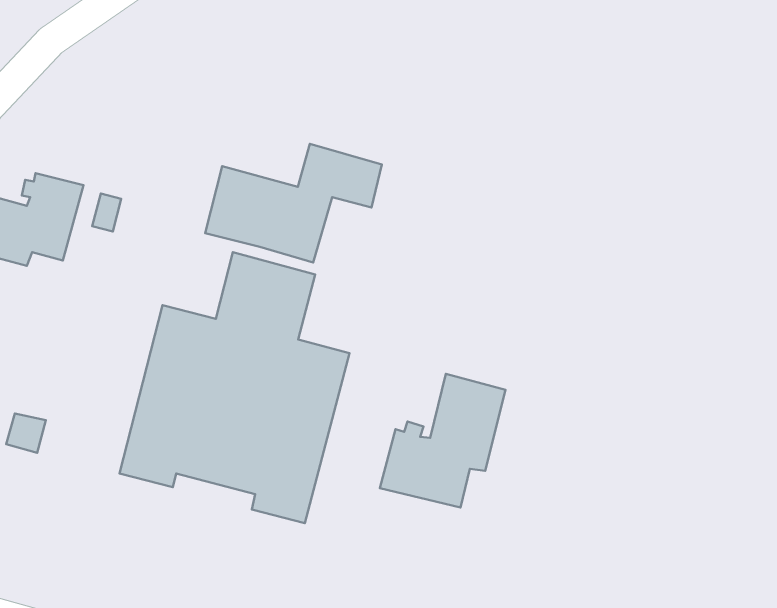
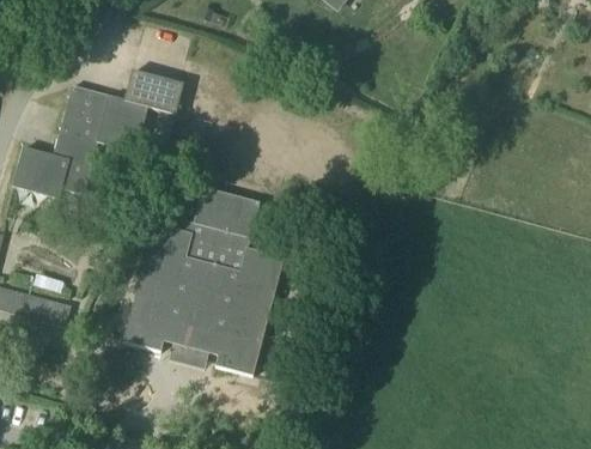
building: [205,144,382,262] -> [61,68,184,151]
building: [380,374,505,507] -> none

